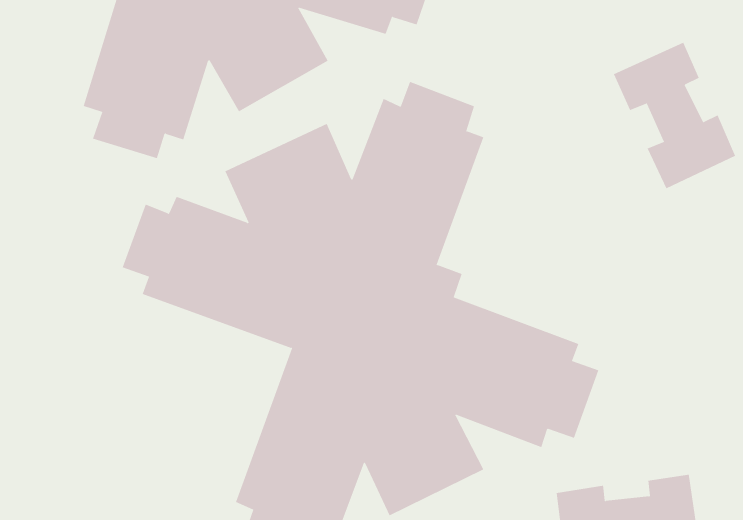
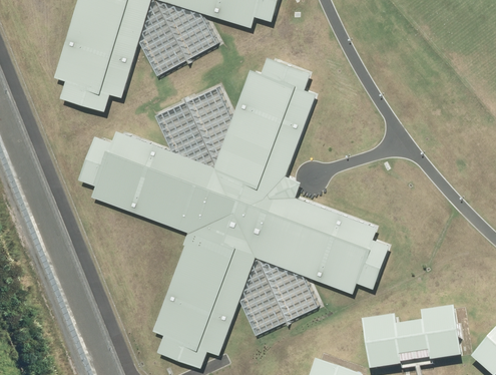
building: [613,42,736,189] -> none

